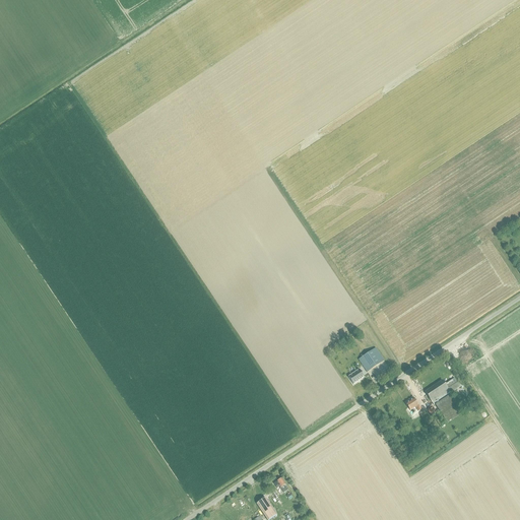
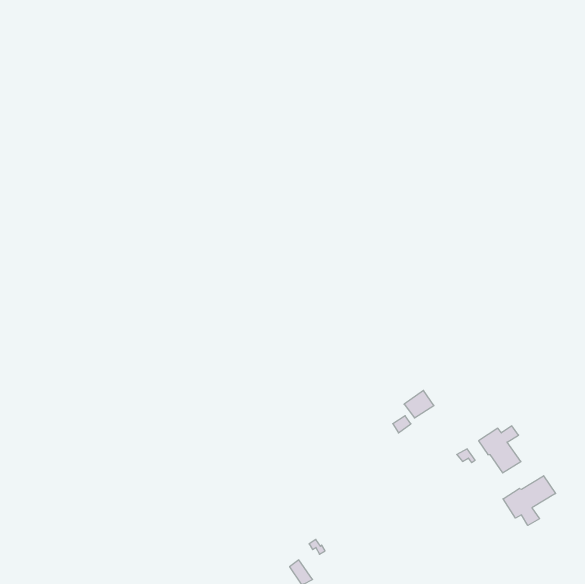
building: none -> [503,476,556,525]

